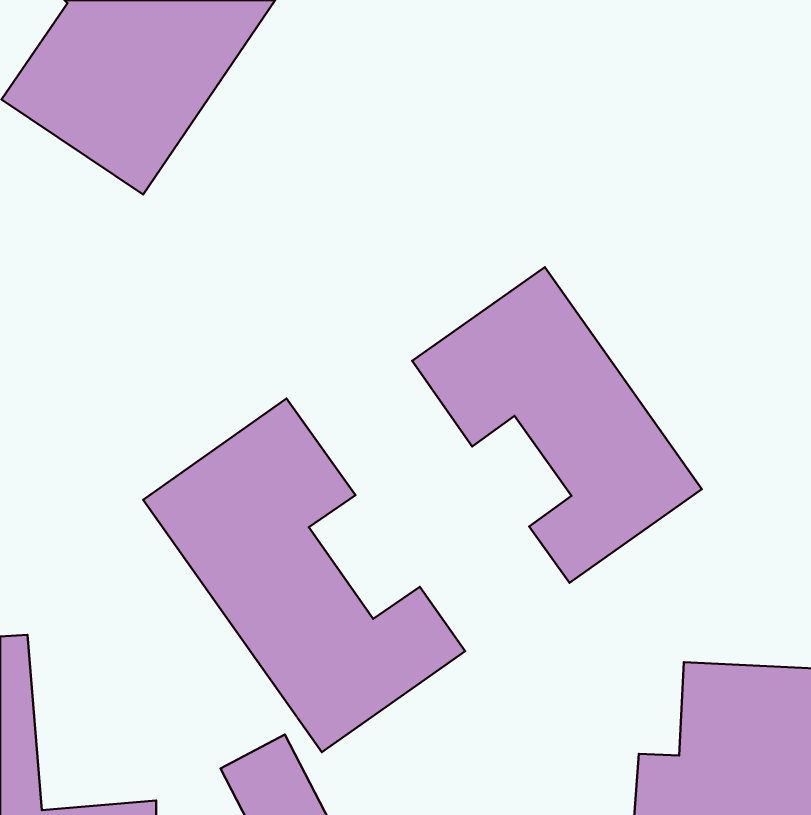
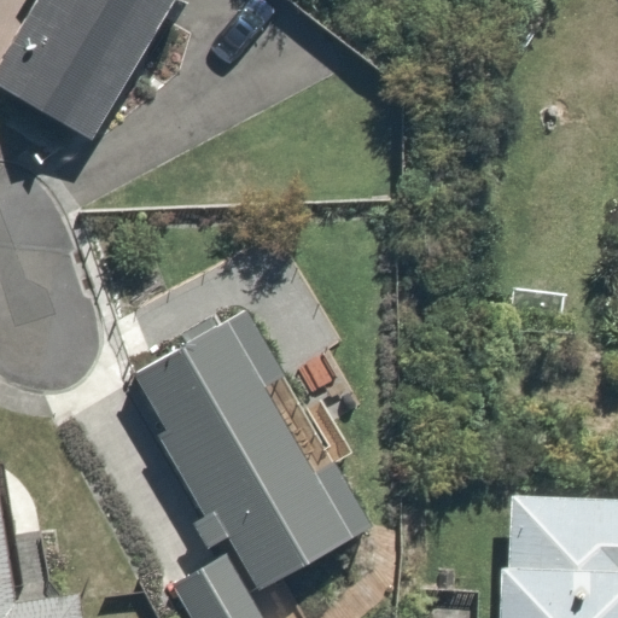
building: [412,267,702,583] -> none

